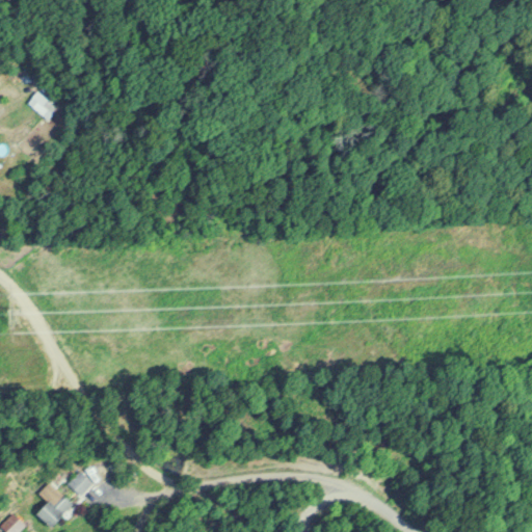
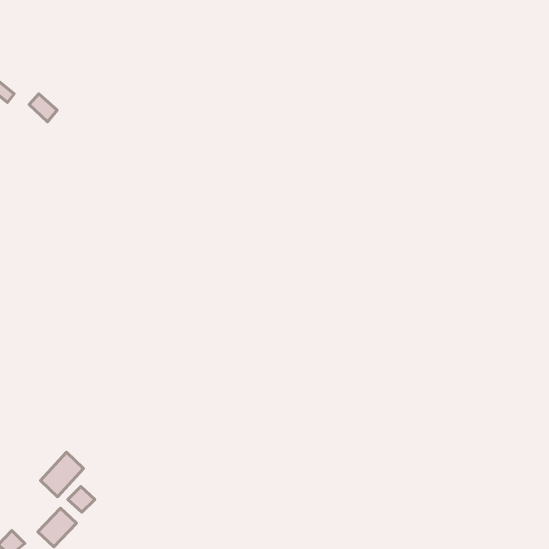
building: none -> [40,452,84,497]

